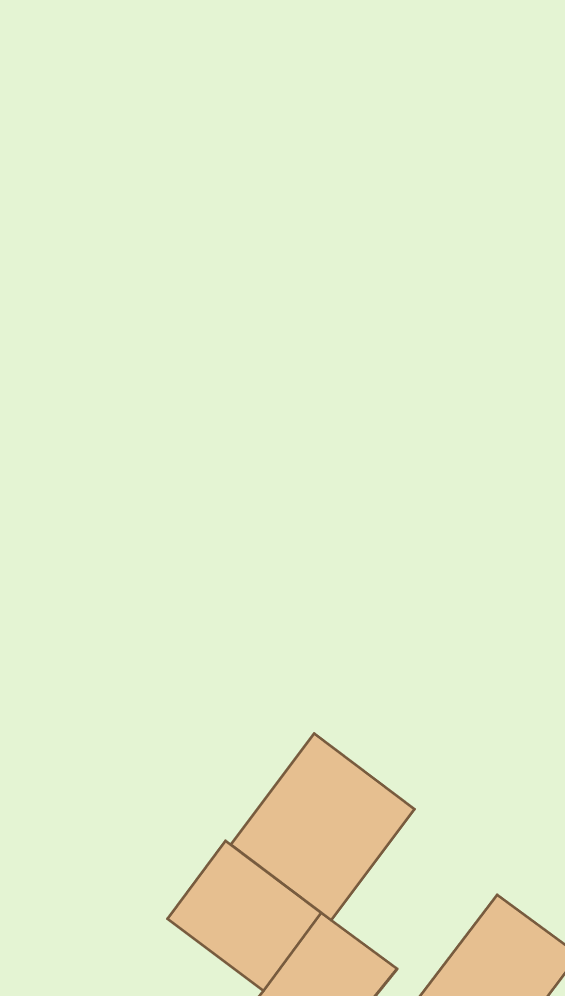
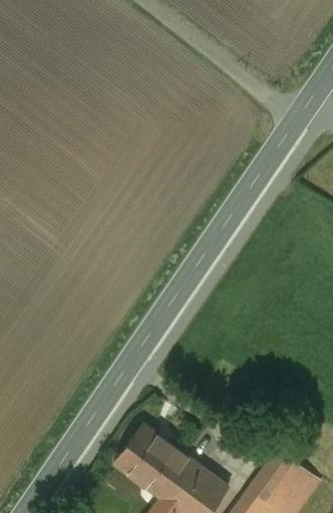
building: [231,733,414,920] -> none

